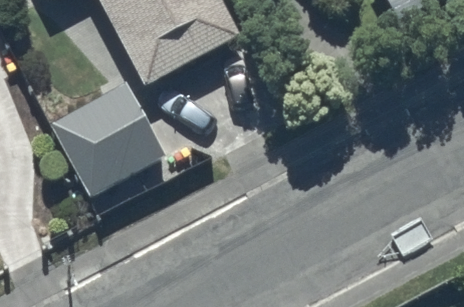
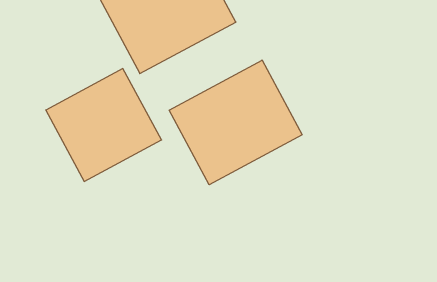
building: none -> [169,60,302,185]

